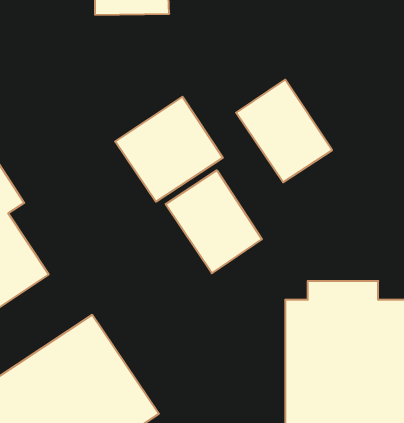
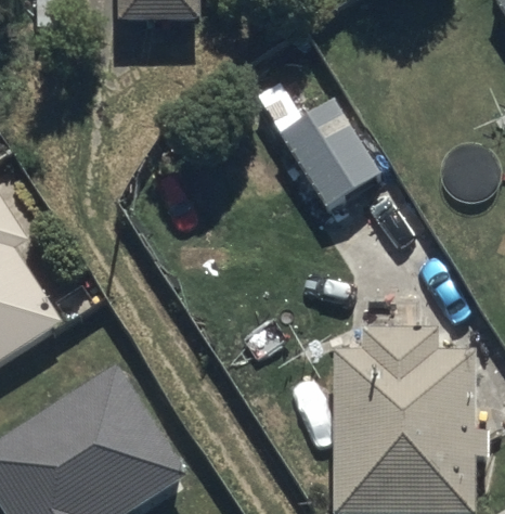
building: [115,97,223,202] -> none
building: [166,170,262,273] -> none

